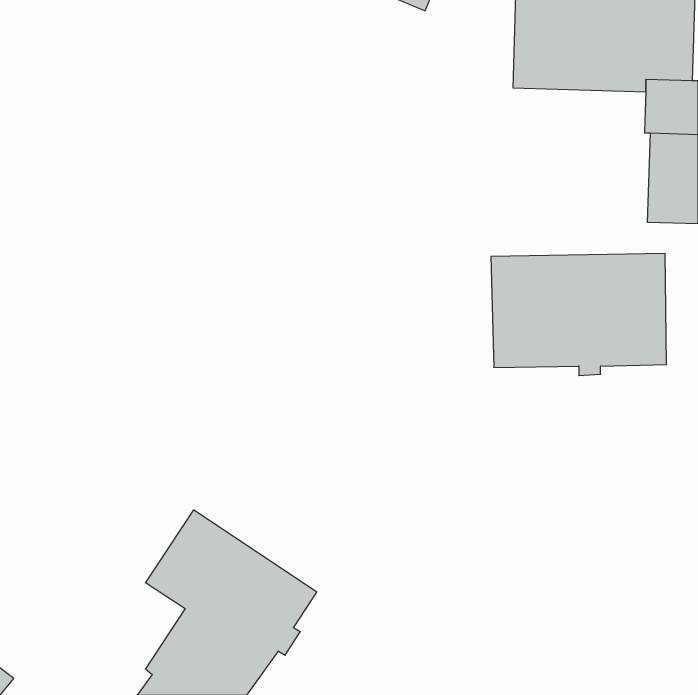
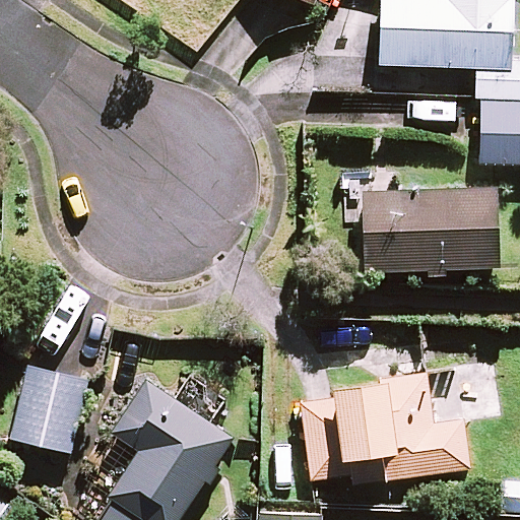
building: none -> [12,364,91,451]
building: none -> [302,375,470,485]

